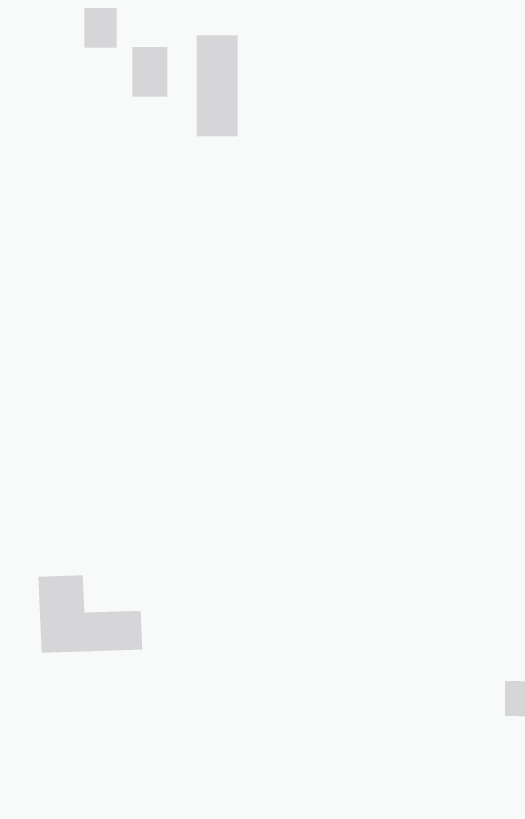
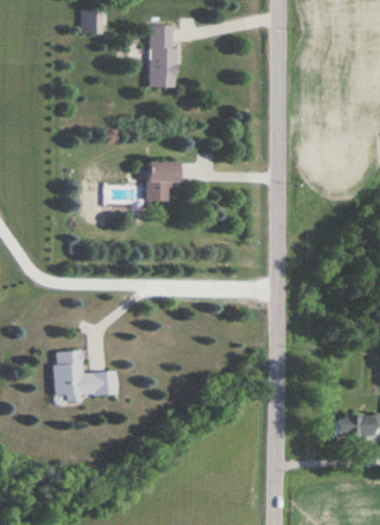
building: [132,46,168,98] -> none
building: none -> [146,161,180,201]

